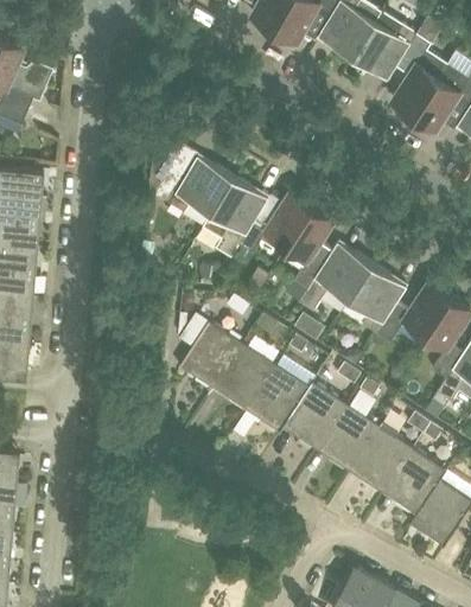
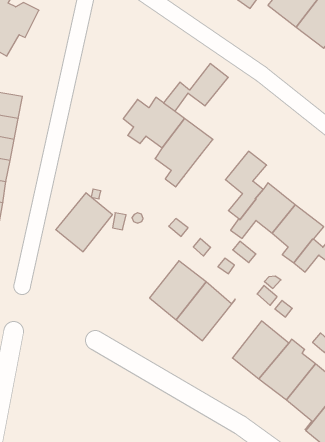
building: [238,193,311,253] -> [164,64,228,111]
building: [178,320,242,389] -> [56,193,112,252]
building: [279,382,345,449] -> none

